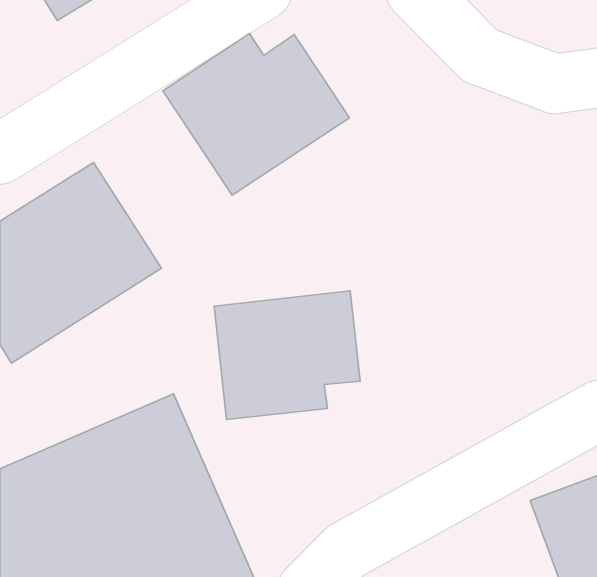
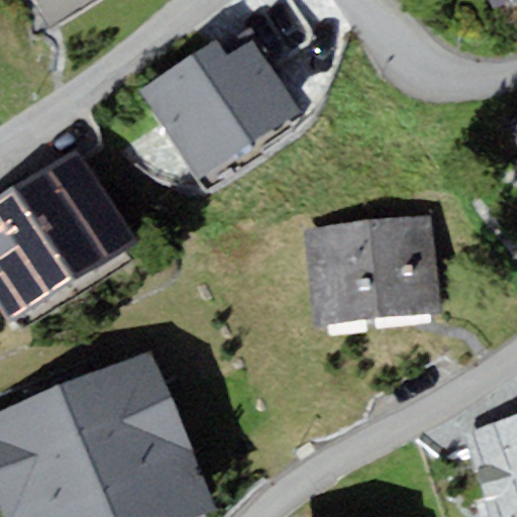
building: none -> [303,217,440,324]
building: [214,291,360,420] -> none

